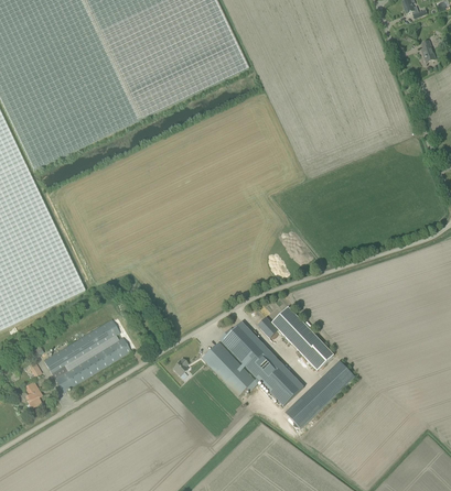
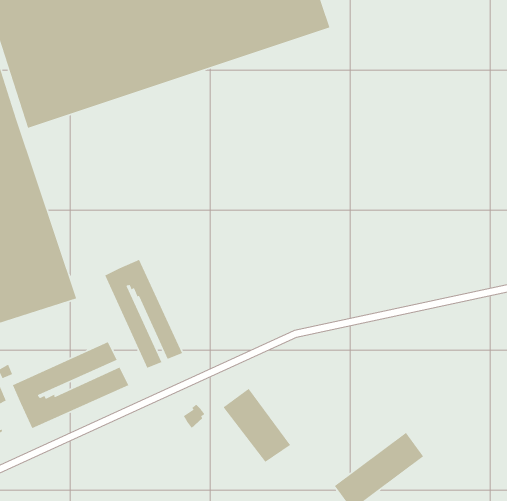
building: none -> [104,259,183,369]
building: [270,305,333,369] -> none
building: [218,320,303,405] -> none

